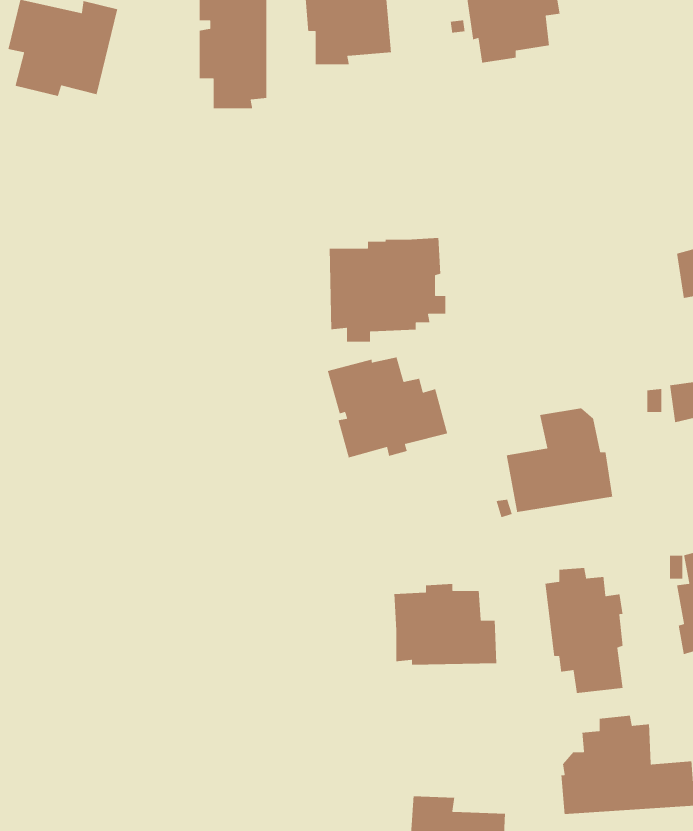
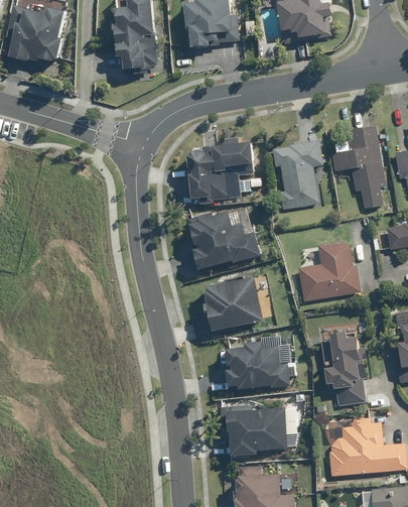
building: none -> [329,126,383,208]
building: none -> [270,140,321,210]
building: none -> [212,277,266,331]
building: none -> [223,403,289,456]

